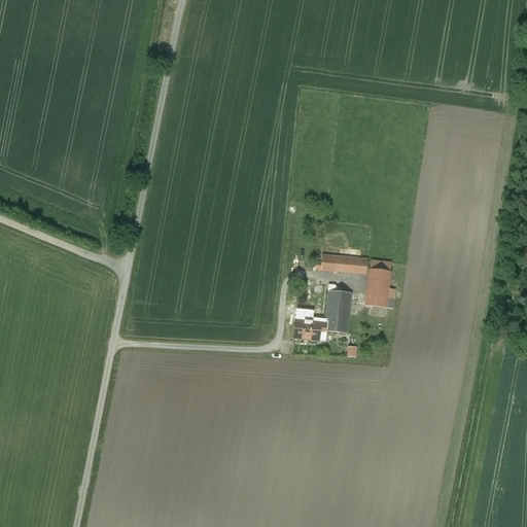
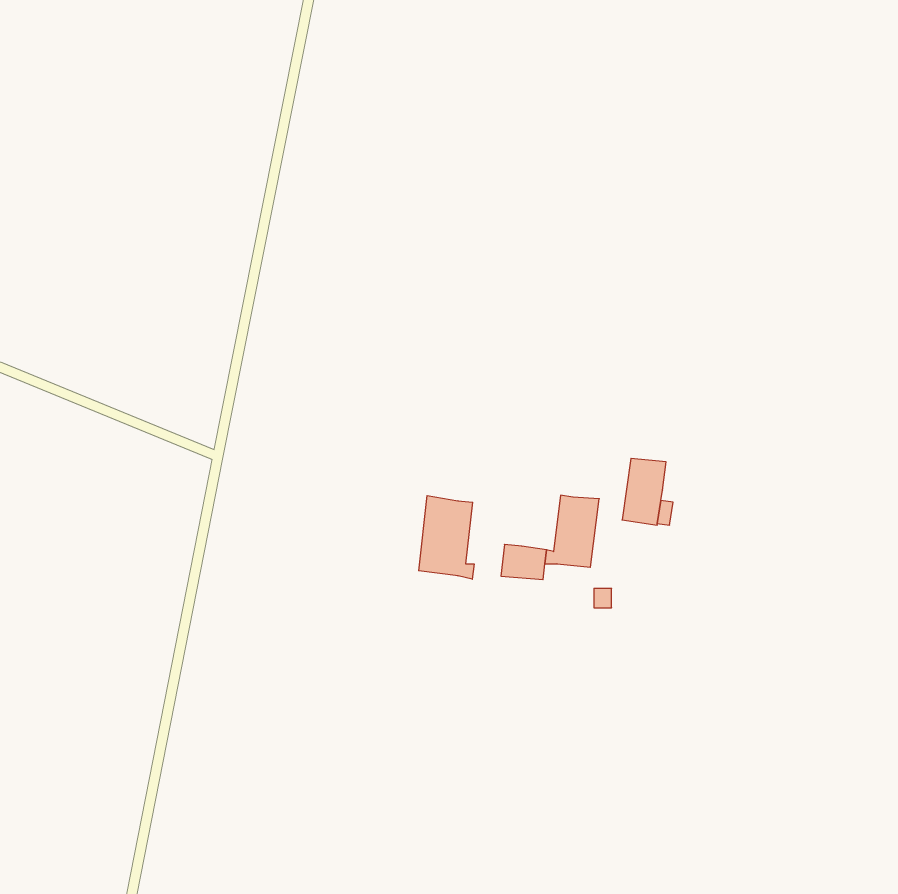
building: [321,254,367,273] -> none
building: none -> [419,496,474,579]

